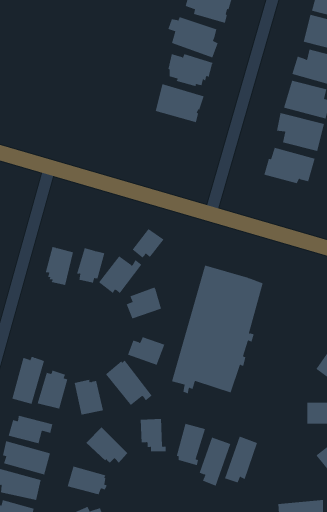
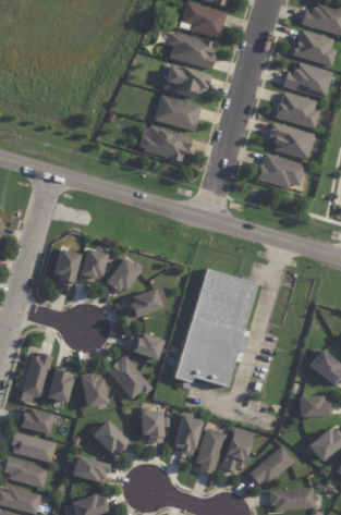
building: none -> [138,125,193,162]
building: [132,228,164,259] -> none
building: none -> [249,445,295,483]

